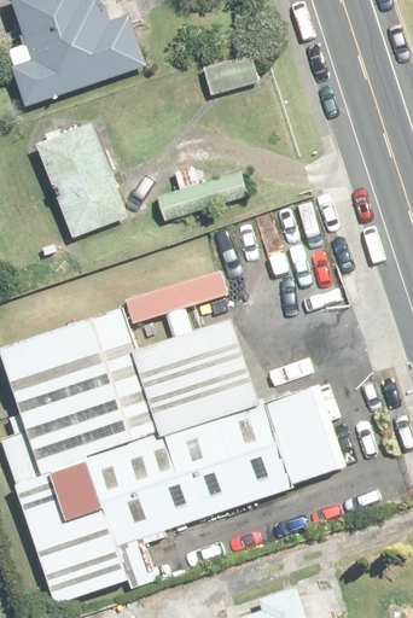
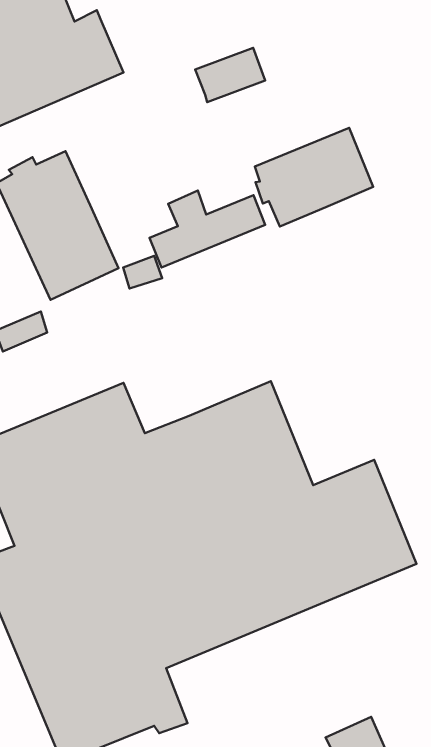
building: none -> [255,128,373,226]
building: [126,270,227,334] -> none

